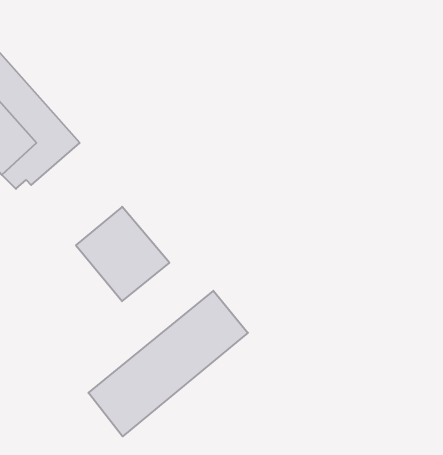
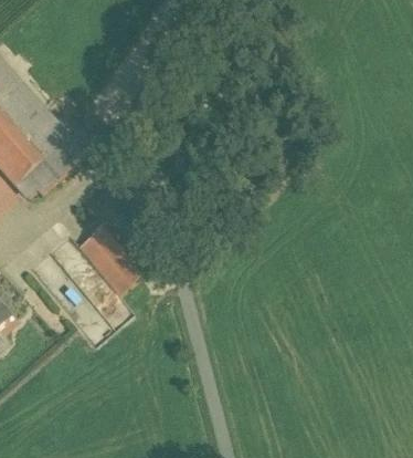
building: [88,291,248,436] -> none

